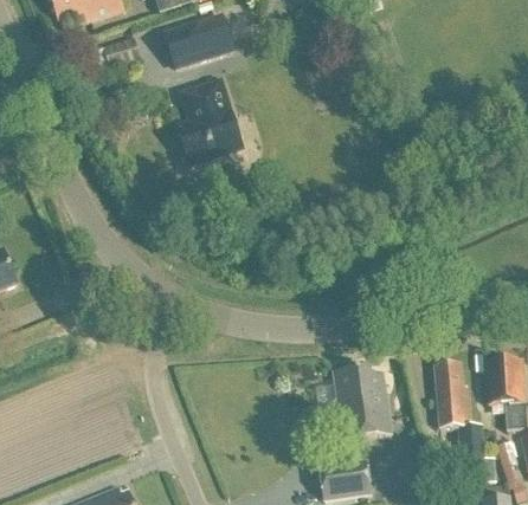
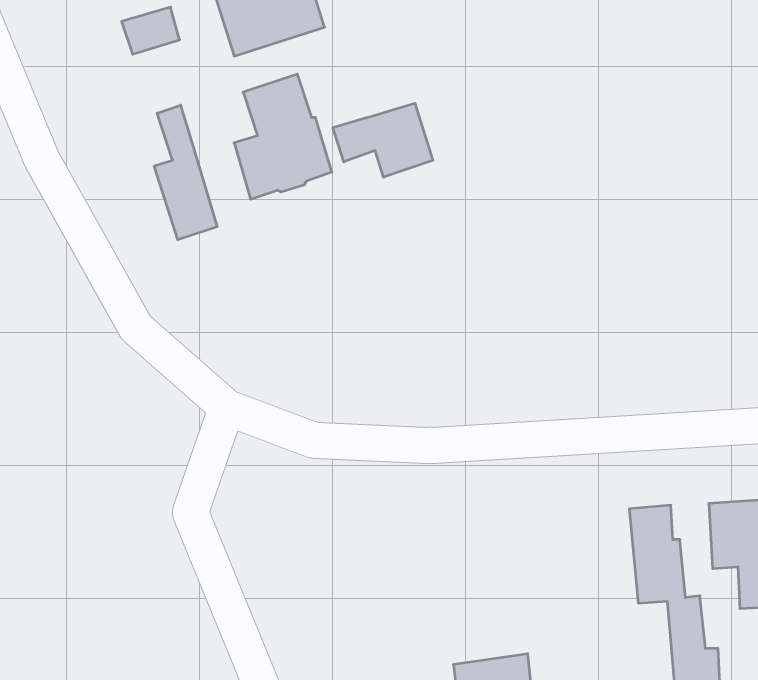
building: none -> [333,103,433,177]
building: none -> [154,105,217,240]
building: [335,365,392,438] -> none

